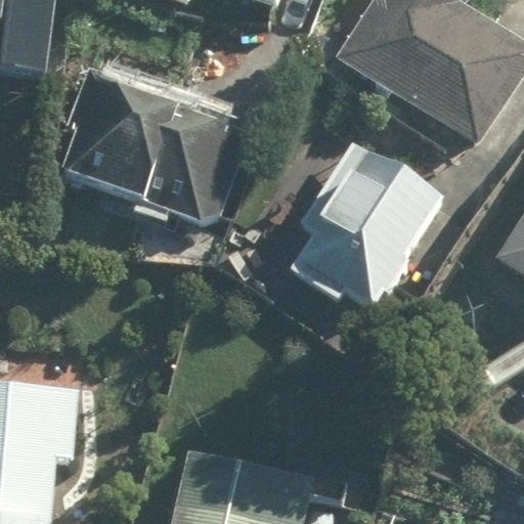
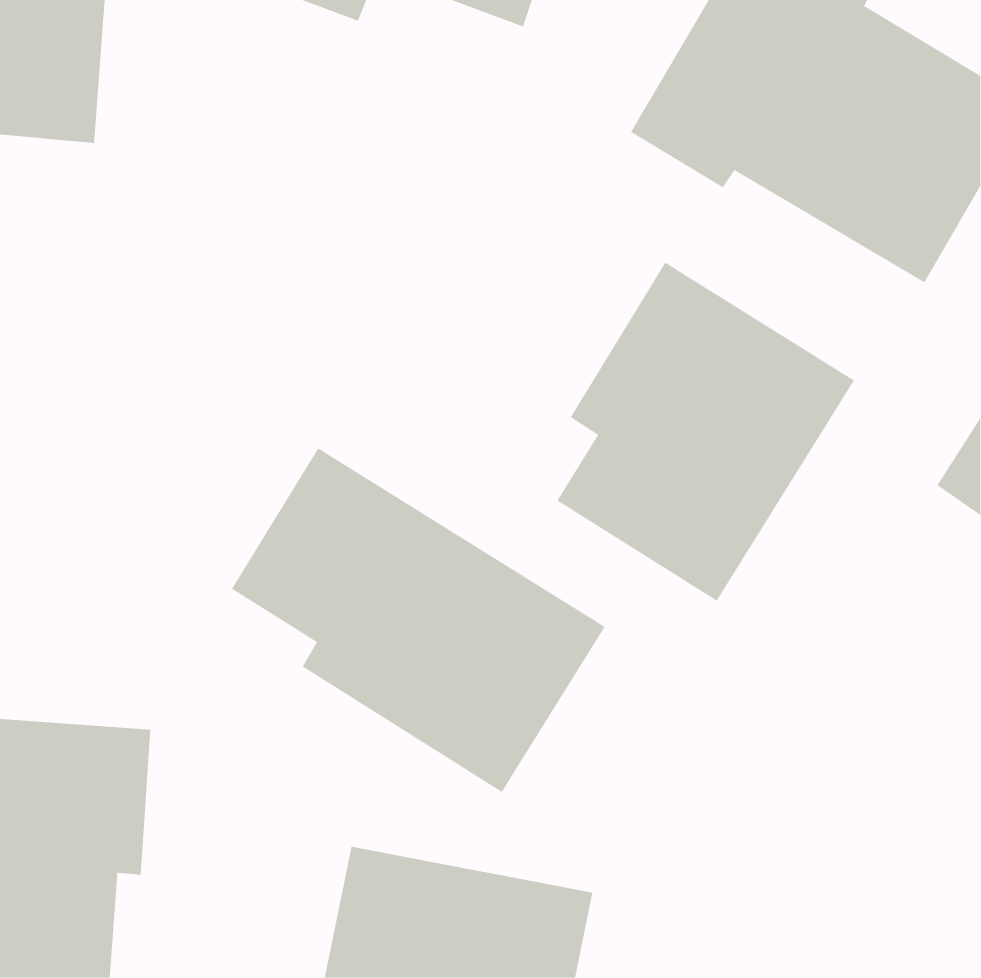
building: [66,64,250,229] -> none
building: none -> [231,448,605,793]

